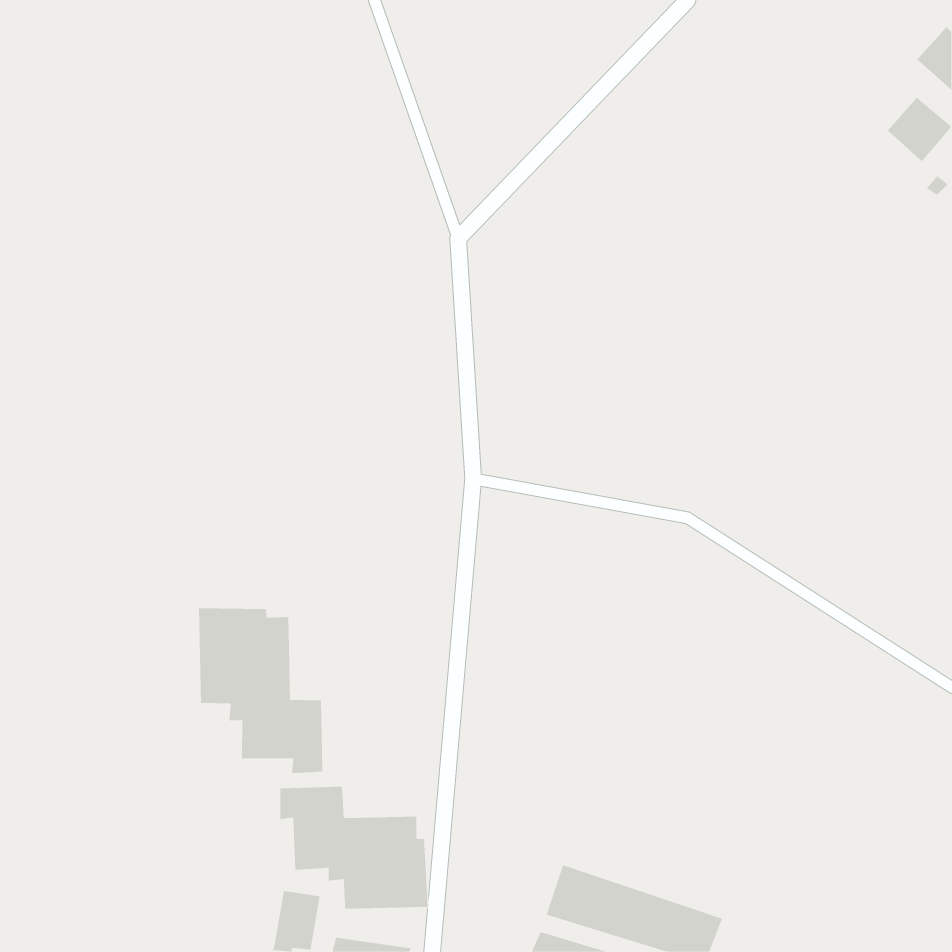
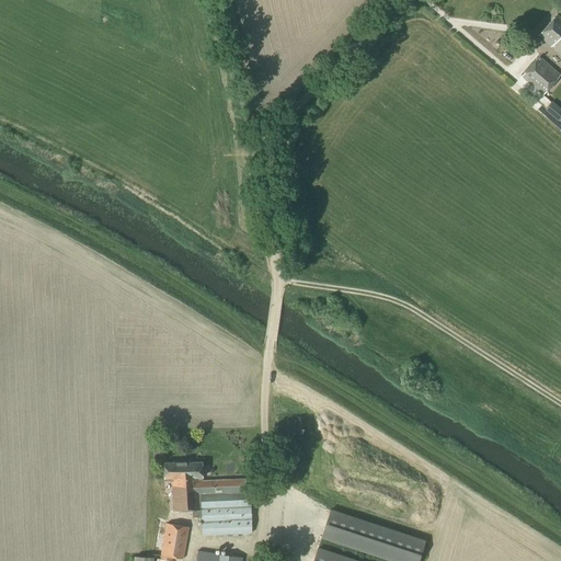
building: [199,608,323,774] -> none

